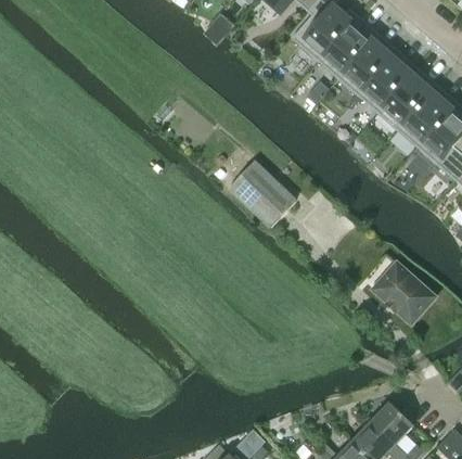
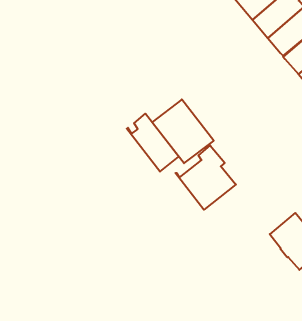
building: none -> [127,114,179,172]
building: none -> [175,145,236,210]

